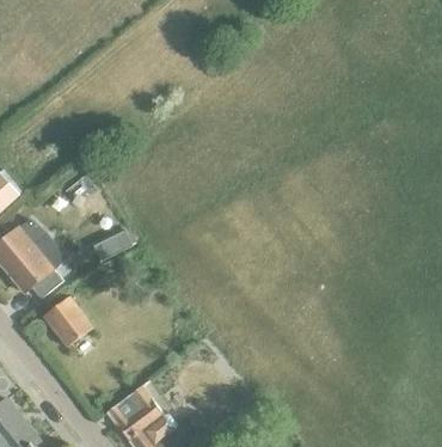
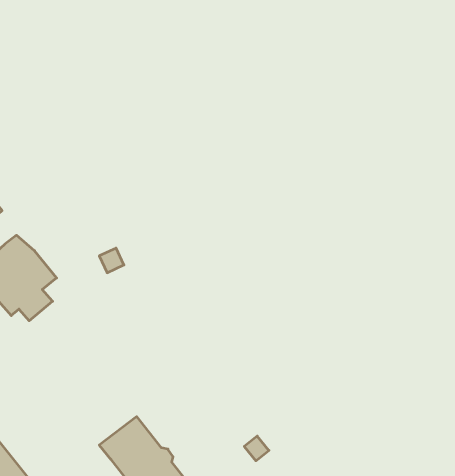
building: [42,296,92,348] -> none

